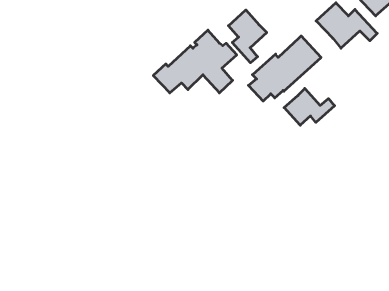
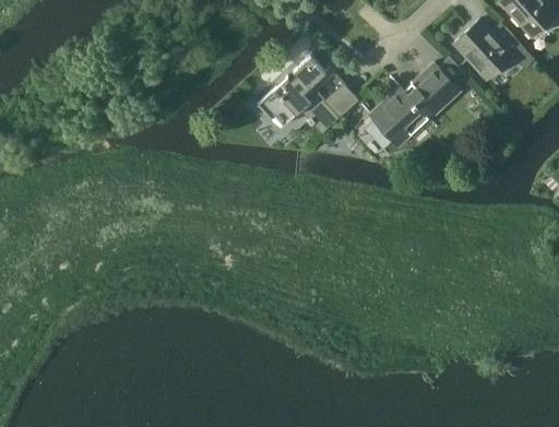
building: [228,10,267,63] -> none
building: [284,88,335,125] -> none

